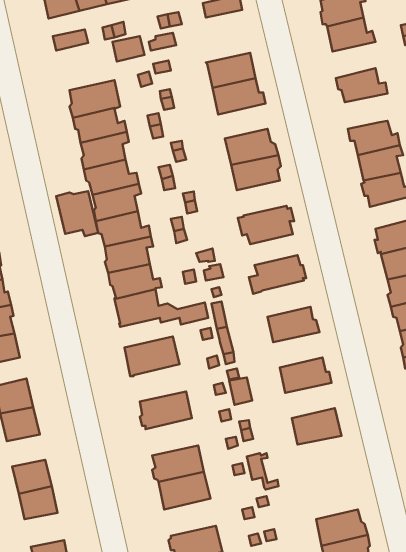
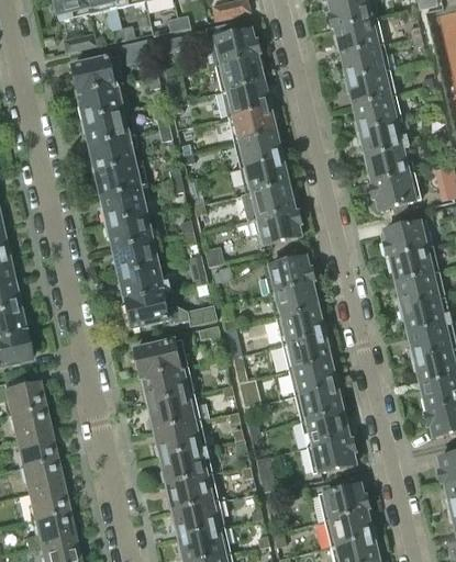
building: none -> [207,24,263,68]
building: none -> [342,45,387,81]
building: none -> [73,56,124,93]
building: none -> [354,97,399,132]
building: none -> [227,106,278,142]
building: none -> [246,183,296,218]
building: [56,191,98,236] -> none
building: none -> [270,283,320,319]
building: none -> [282,335,332,370]
building: none -> [143,367,196,404]
building: none -> [294,385,344,420]
building: none -> [155,420,208,458]
building: none -> [16,437,55,469]
building: none -> [307,438,356,474]
building: none -> [319,485,369,521]
building: none -> [171,501,225,538]
building: none -> [34,515,74,549]

